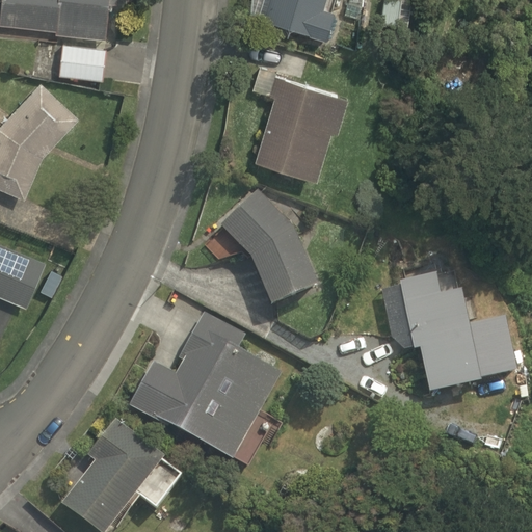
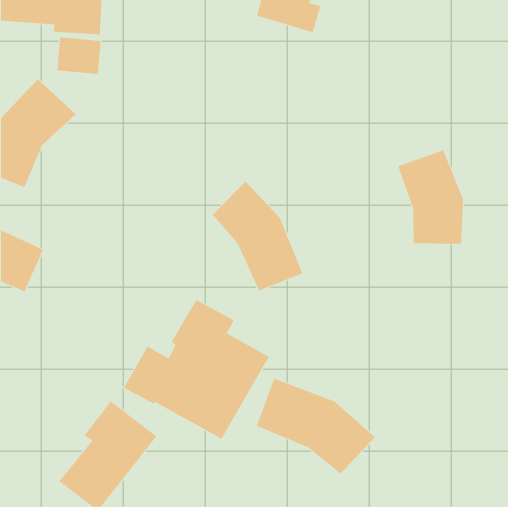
building: [254,77,349,175] -> none
building: none -> [398,149,463,244]
building: [400,273,516,392] -> none
building: none -> [256,378,376,474]

